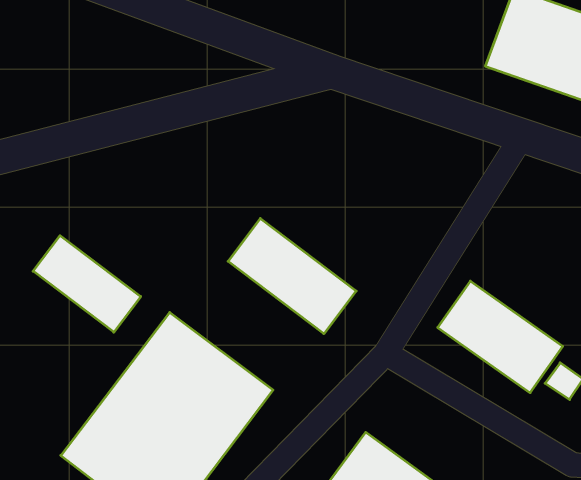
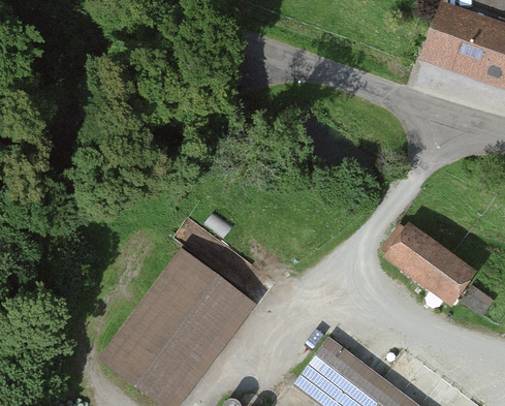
building: [228,218,356,334] -> none
building: [33,236,141,332] -> none

